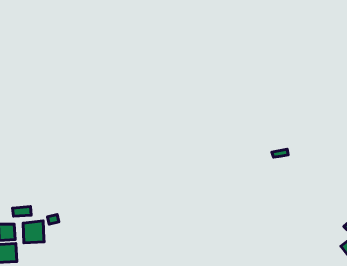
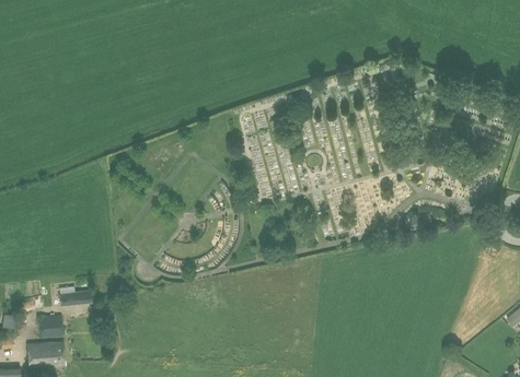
building: [23,221,44,243] -> none

